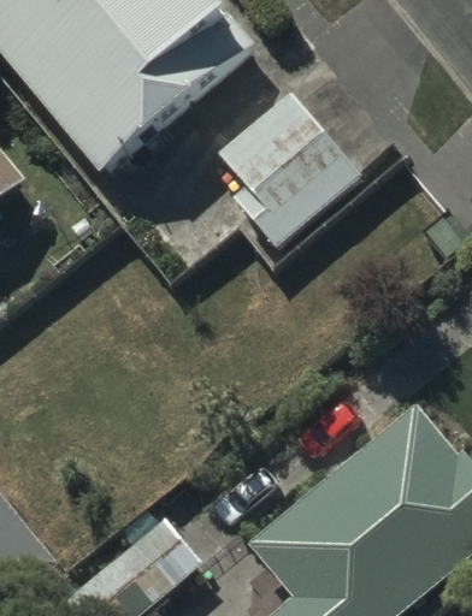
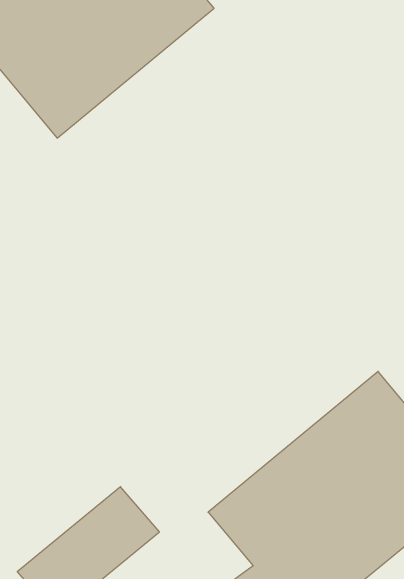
building: [220,95,359,247] -> none

